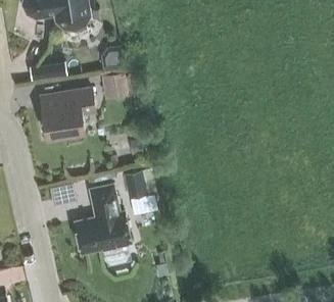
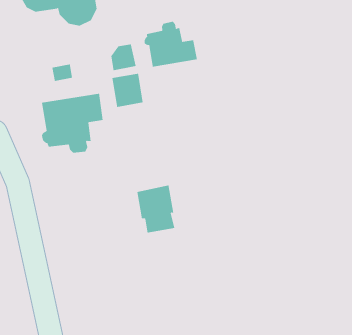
building: none -> [144,21,197,67]
building: [75,185,132,253] -> none

